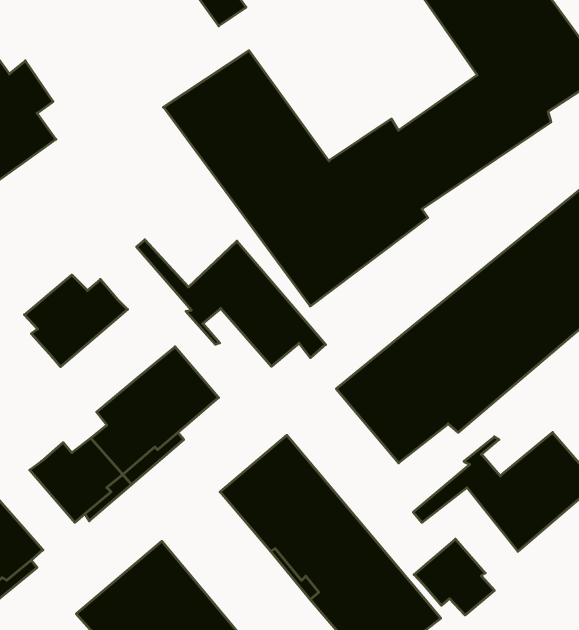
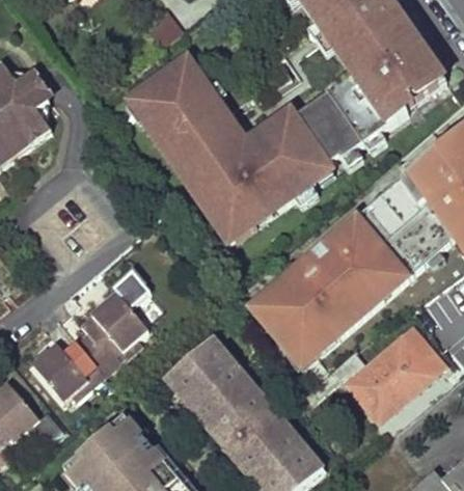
building: [137,240,326,366] -> none
building: [24,275,128,367] -> none
building: [414,539,494,615] -> none

